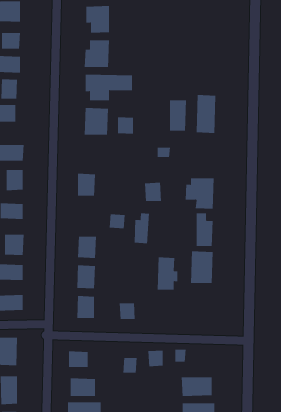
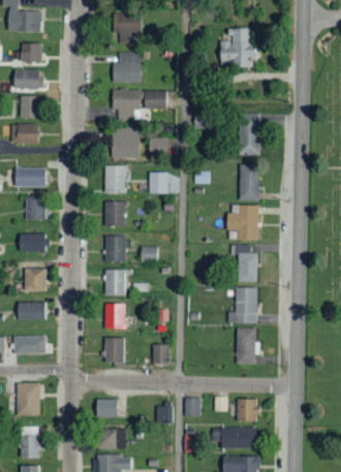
building: none -> [219,29,253,66]
building: [169,100,187,131] -> [240,165,259,200]
building: none -> [105,165,126,193]
building: [144,182,162,202] -> [149,171,168,193]
building: none -> [106,235,127,262]
building: [134,213,149,244] -> none
building: [157,257,178,290] -> [236,327,259,365]
building: none -> [237,399,258,422]

